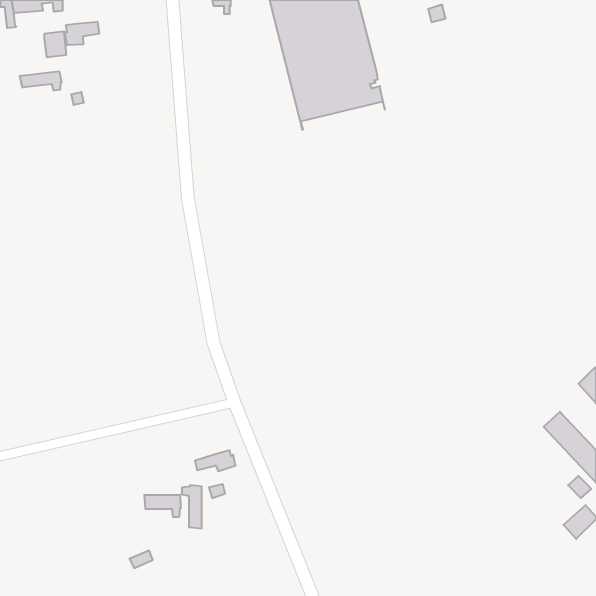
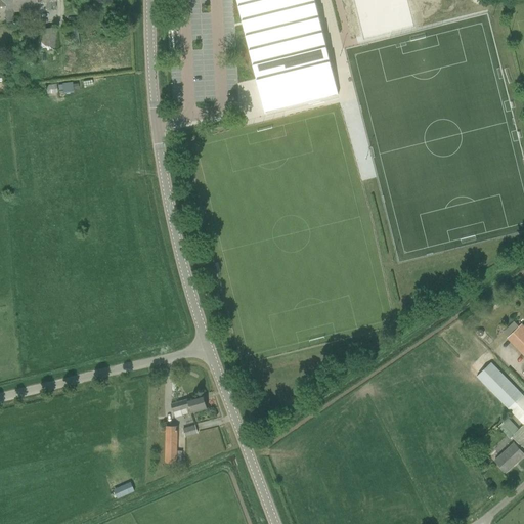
building: [65,22,99,45] -> none
building: [20,71,62,91] -> none
building: [144,495,181,517] -> none

